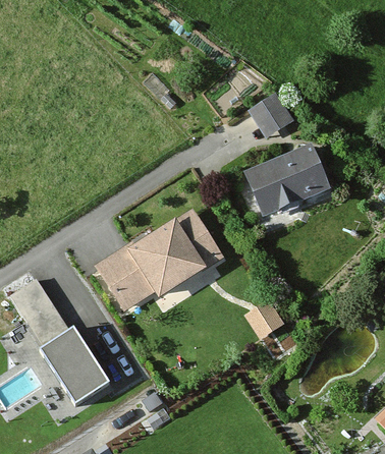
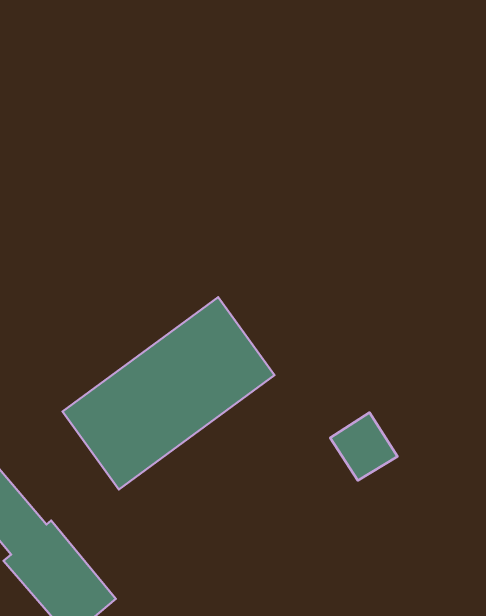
building: [248,97,293,138] -> none
building: [241,151,321,218] -> none

